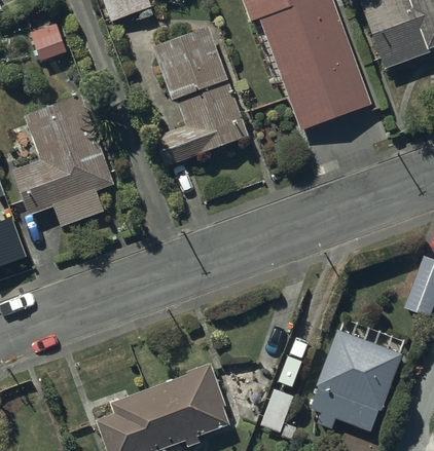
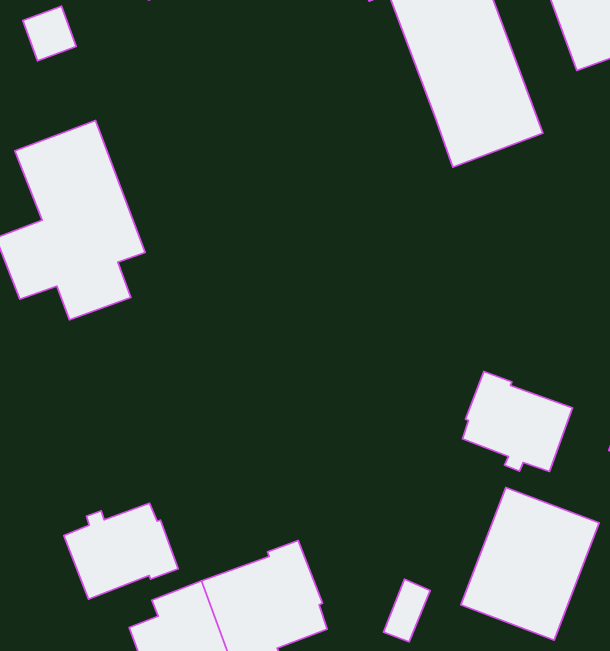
building: [157,29,247,157] -> none
building: none -> [463,372,573,472]
building: none -> [64,503,178,599]

